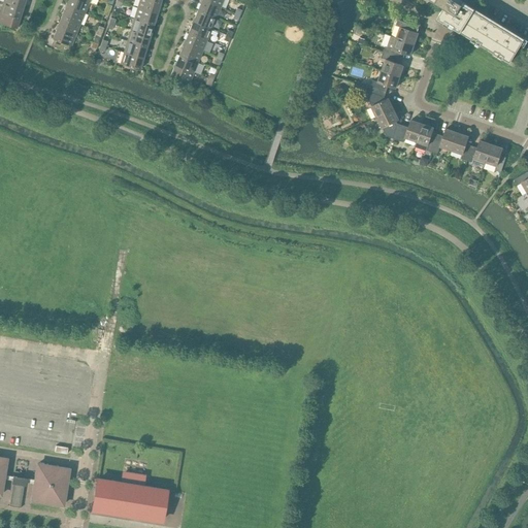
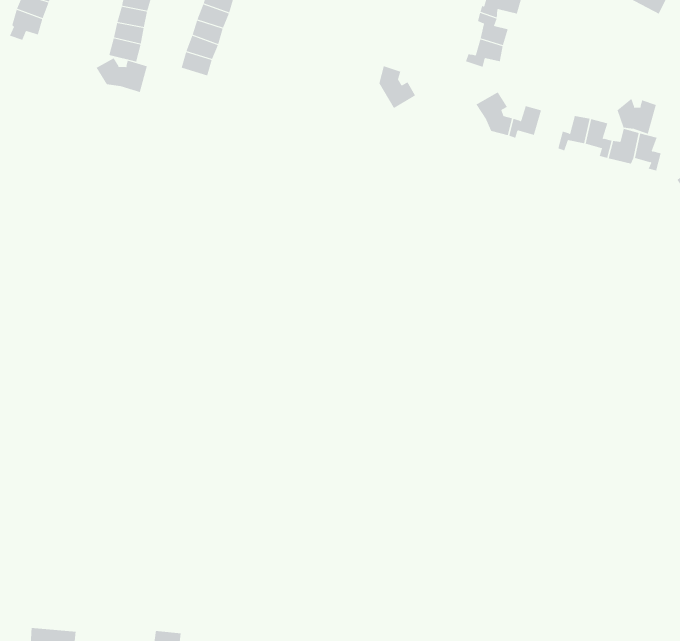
building: none -> [96,58,147,93]
building: [367,86,393,117] -> [379,66,416,109]
building: none -> [617,98,656,135]
building: [415,124,436,152] -> none

